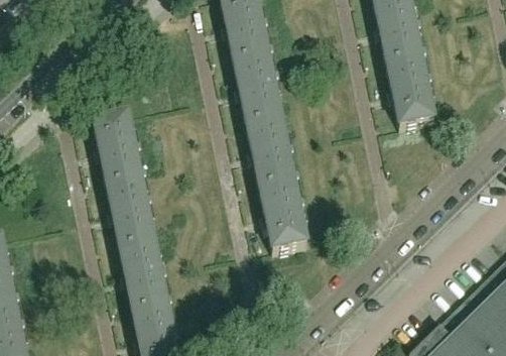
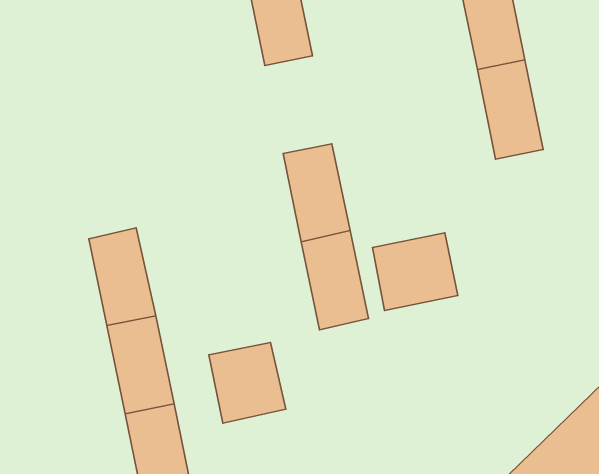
building: [234,52,282,123] -> none
building: [94,113,141,185] -> none
building: none -> [373,233,458,311]
building: none -> [209,342,286,423]

